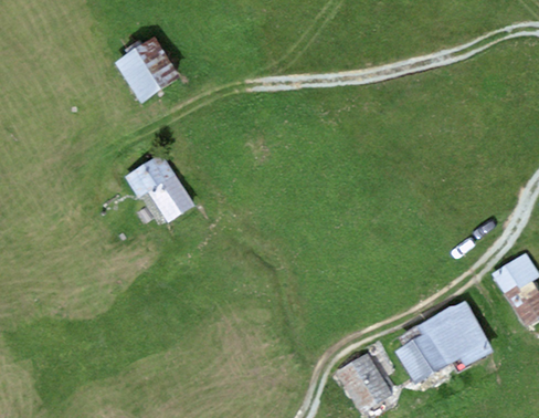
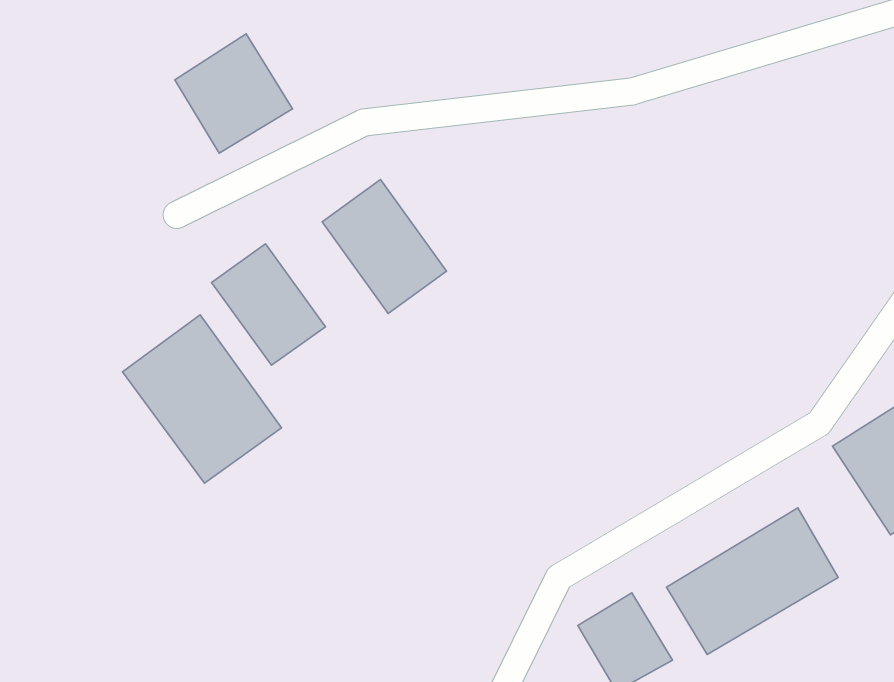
building: none -> [322,179,447,314]
building: none -> [122,315,281,483]

